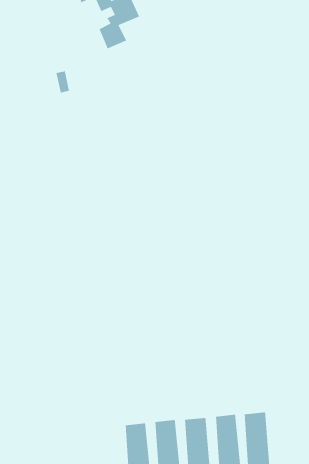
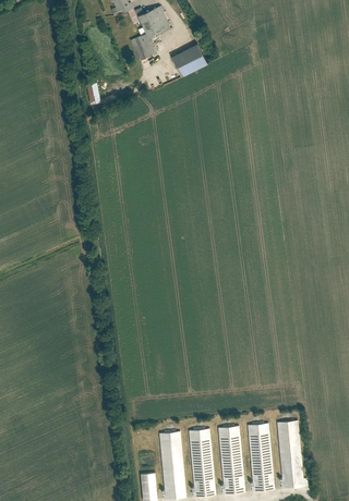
building: none -> [171,42,208,77]

